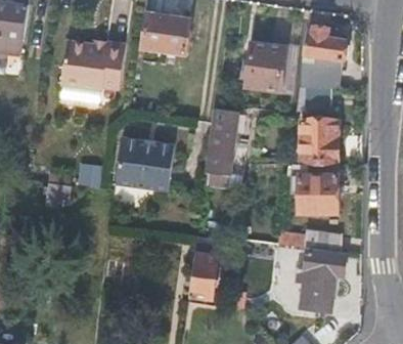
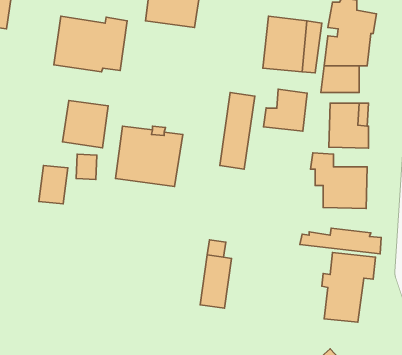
building: none -> [263,89,307,131]
building: none -> [62,100,108,148]

